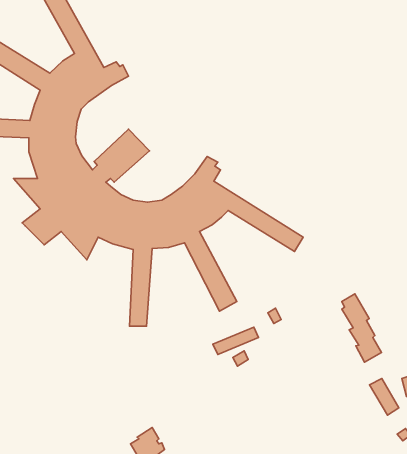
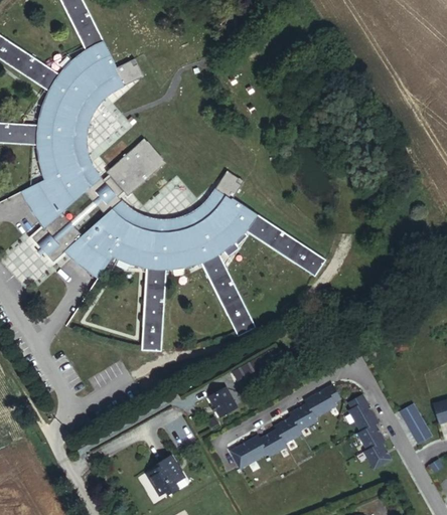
building: [342,294,382,362] -> [347,395,390,468]
building: none -> [231,387,339,472]
building: none -> [212,391,241,420]

